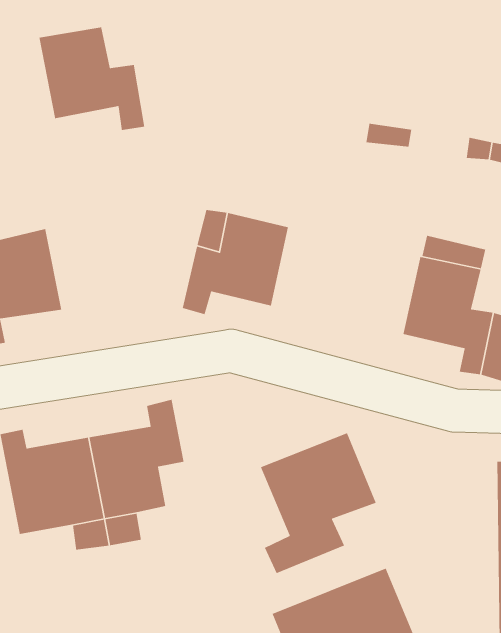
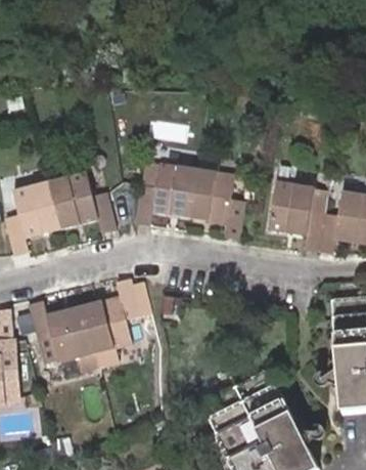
building: [39,26,145,131] -> [49,171,118,233]
building: none -> [189,169,245,240]
building: [260,432,377,574] -> none

